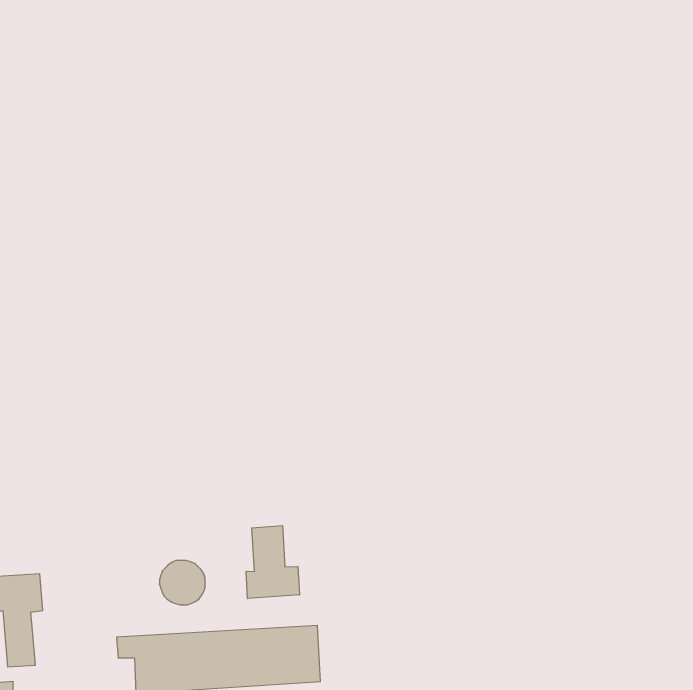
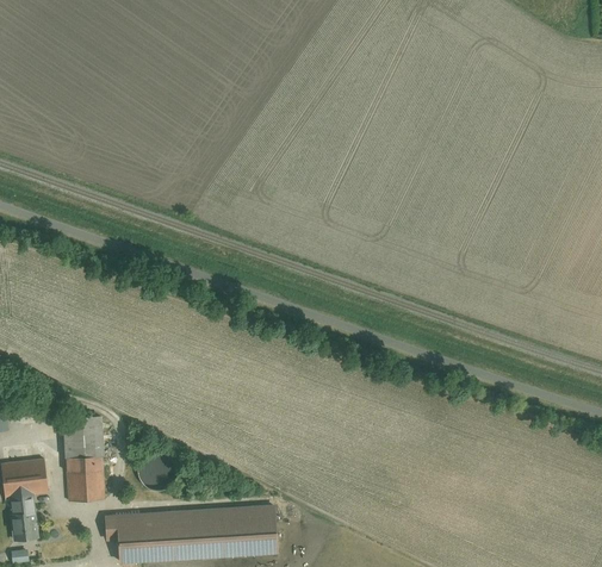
building: none -> [61,416,103,500]
building: [246,526,300,599] -> none

